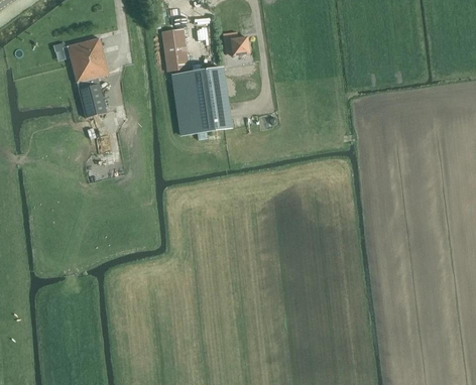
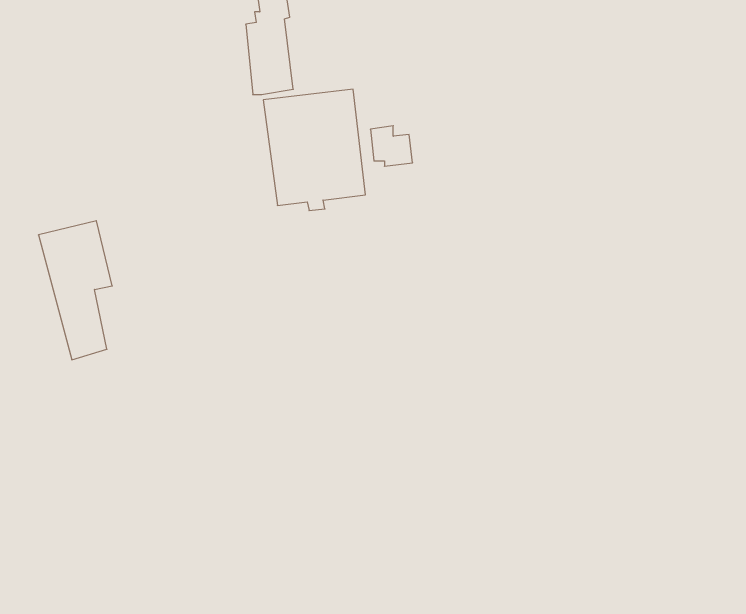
building: [224,30,248,53] -> [370,126,413,166]
building: [67,37,109,117] -> [38,221,112,360]

